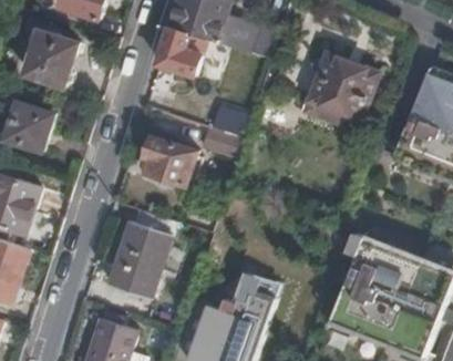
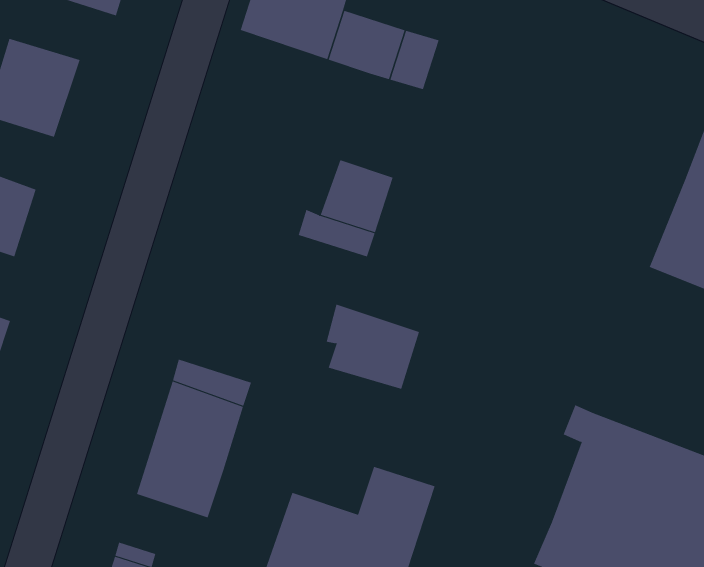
building: [154,25,238,76] -> none
building: [305,53,375,127] -> none
building: [144,136,196,184] -> [326,304,420,390]

